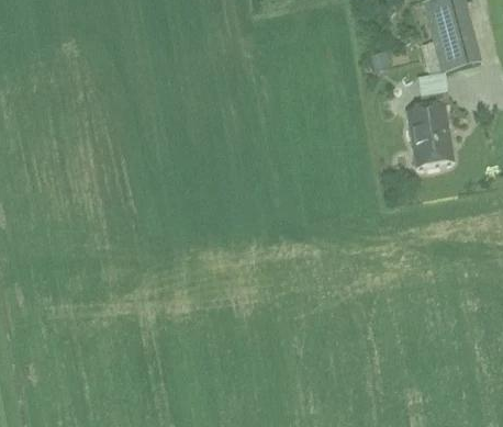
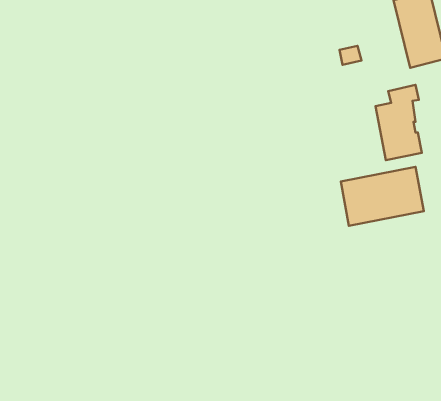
building: none -> [341,167,424,226]

